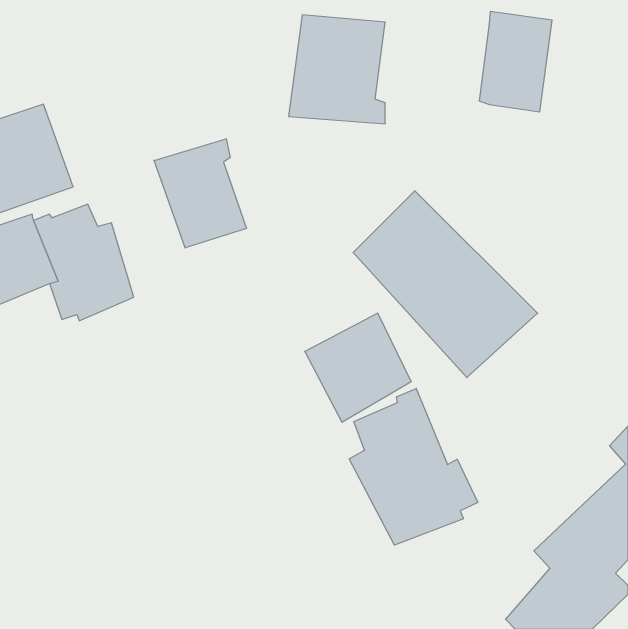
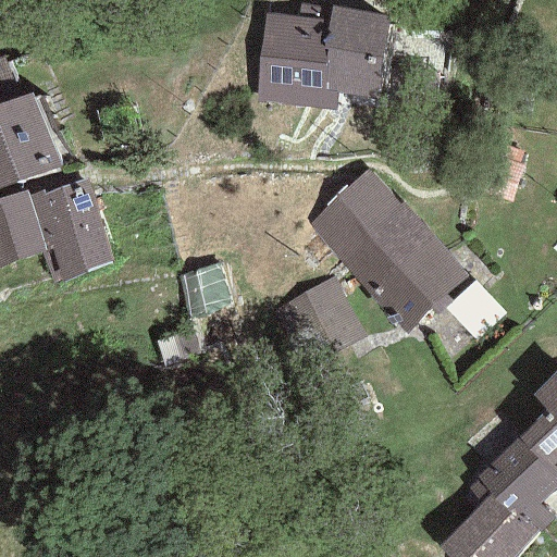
building: [479,12,552,112] -> [330,9,394,97]
building: [154,139,247,248] -> none
building: [349,388,478,545] -> none

